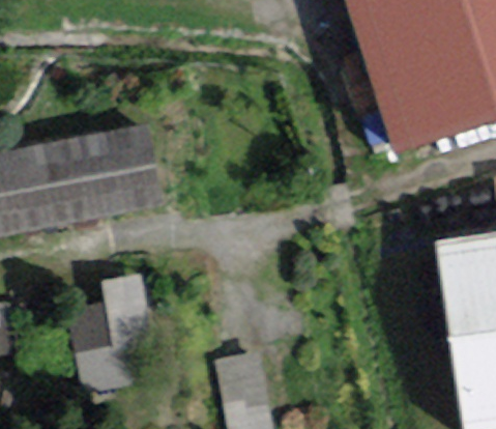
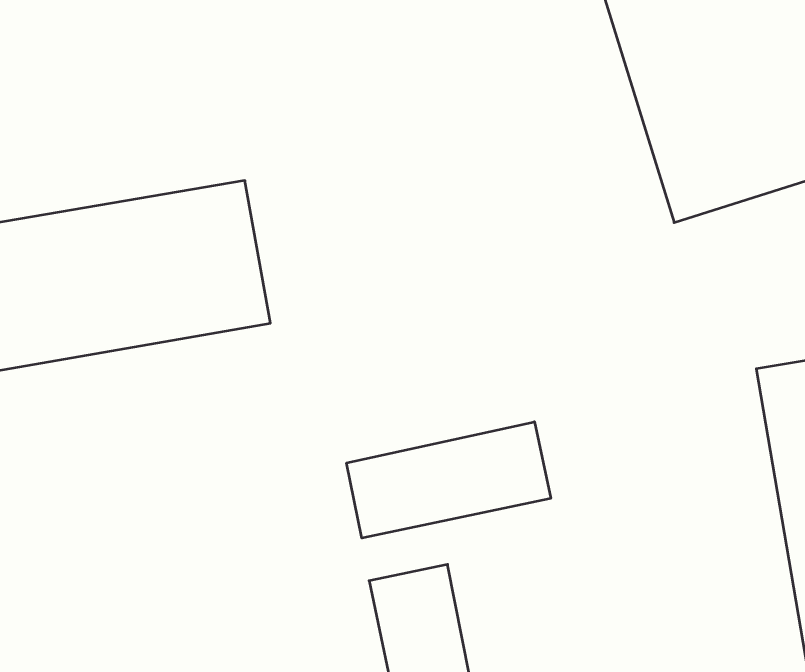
building: none -> [347,422,551,538]
building: [78,273,156,385] -> none

